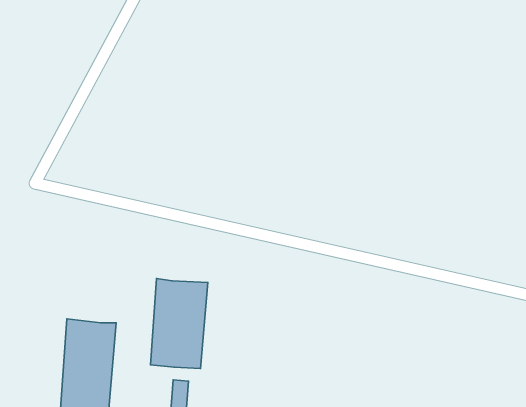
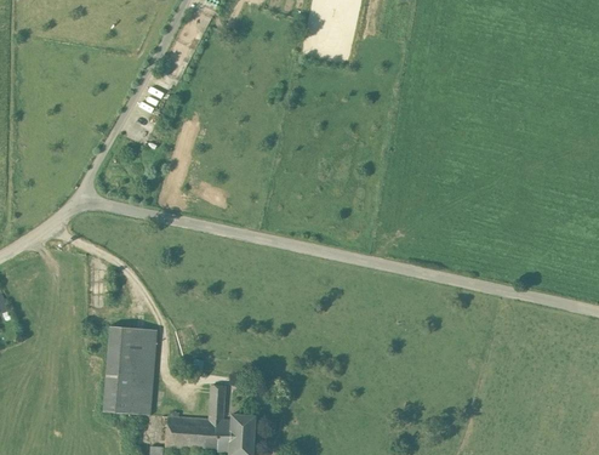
building: [150,279,208,369] -> none

